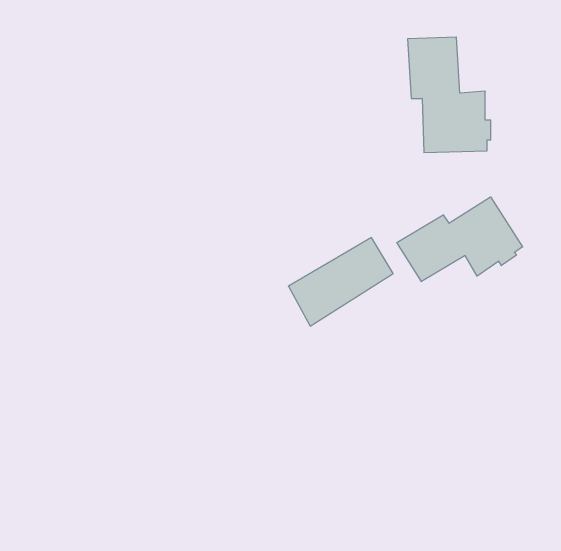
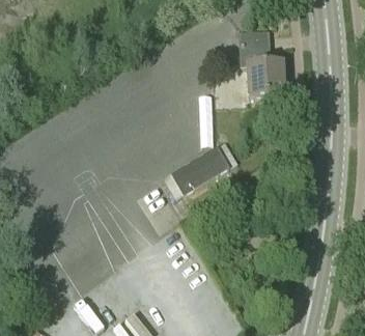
building: [397,197,523,282] -> none

